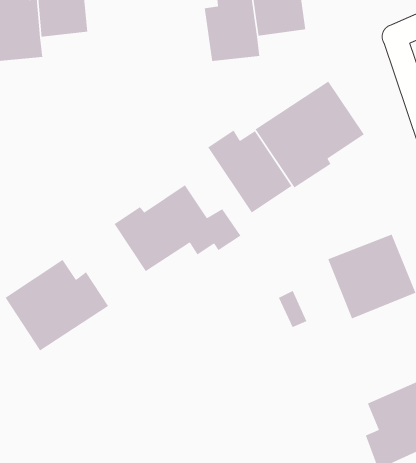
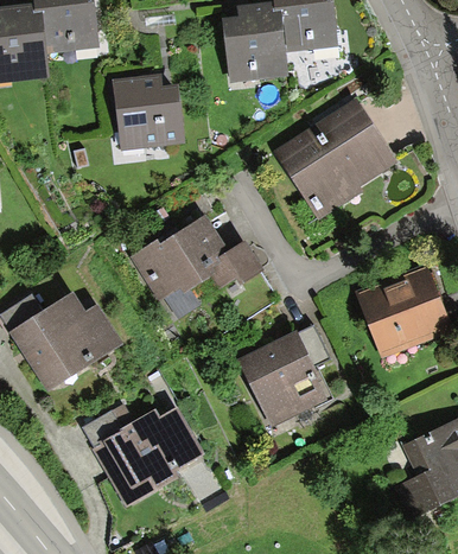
building: none -> [112,74,183,147]
building: [207,129,292,213] -> none
building: none -> [235,329,330,429]
building: none -> [79,406,203,507]

